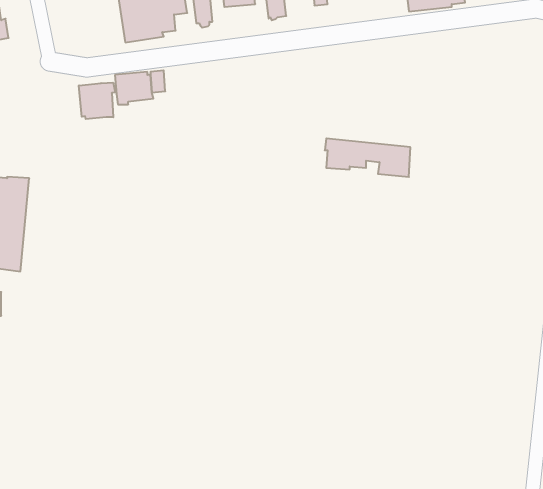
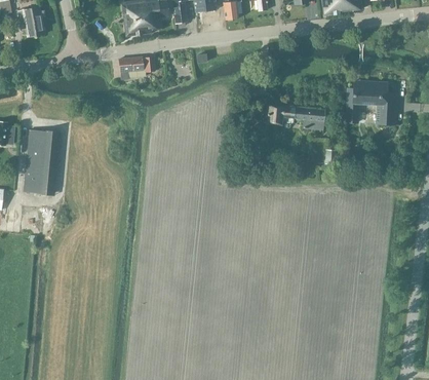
building: [79,83,115,119] -> none
building: none -> [346,80,396,123]

